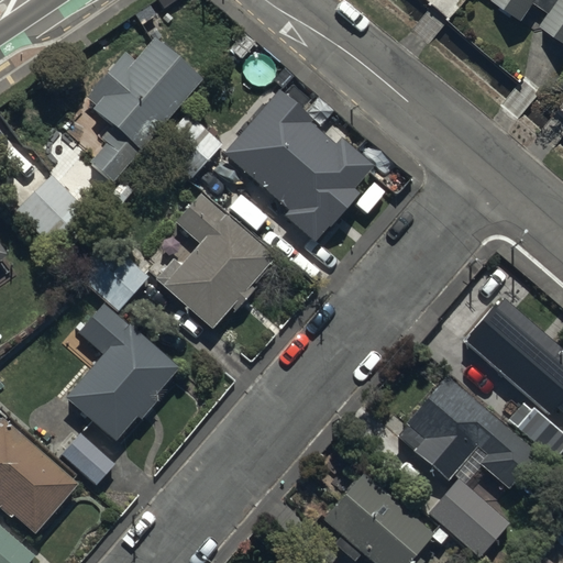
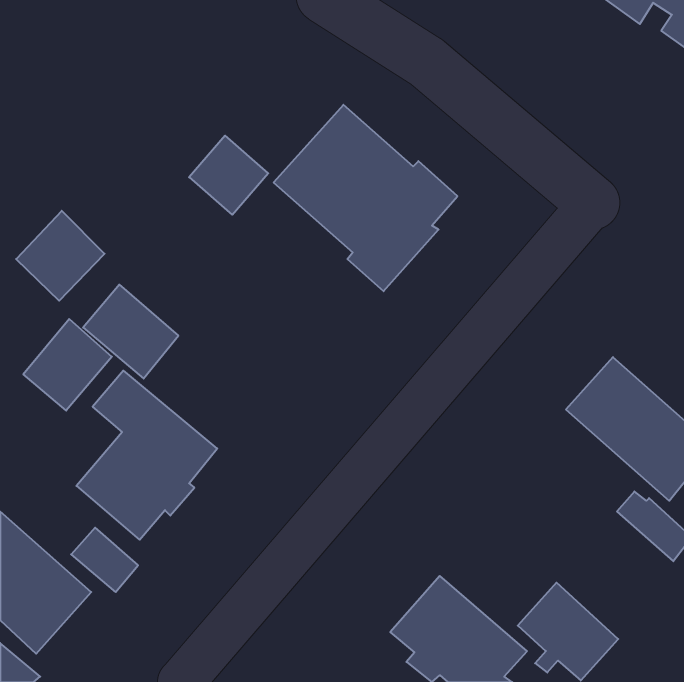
building: [87,37,202,184] -> none
building: [155,192,274,329] -> none
building: none -> [23,319,112,411]
building: [401,375,538,490] -> none

